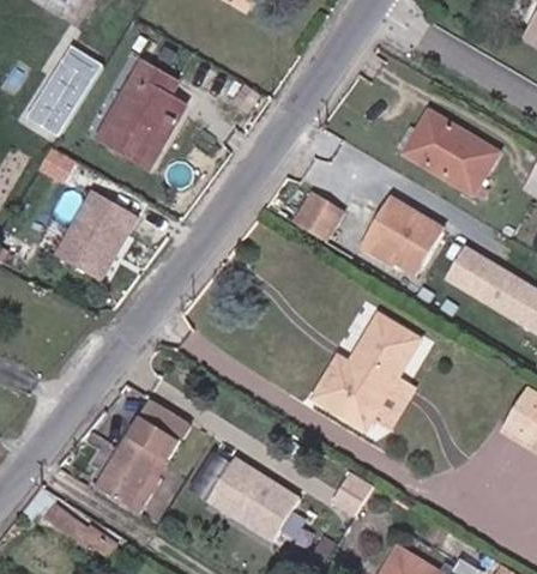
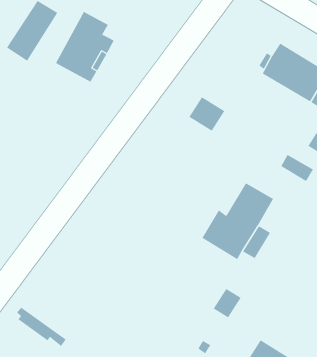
building: [54,189,134,278] -> none
building: [364,198,442,270] -> none
building: [97,398,188,509] -> none
building: [206,457,296,538] -> none

